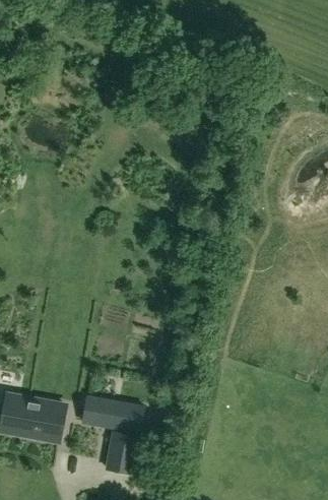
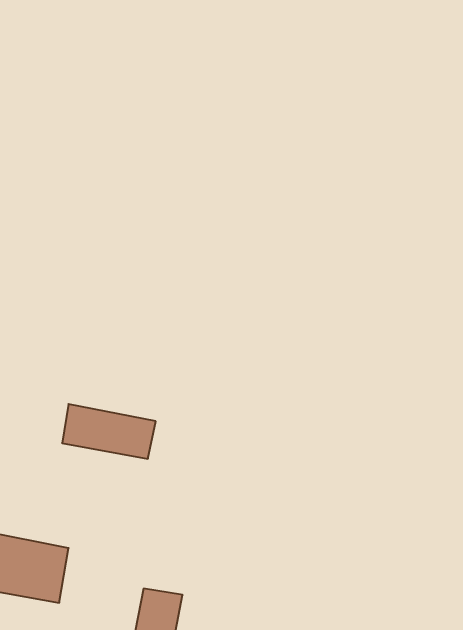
building: [82,395,143,431] -> [62,404,156,459]

